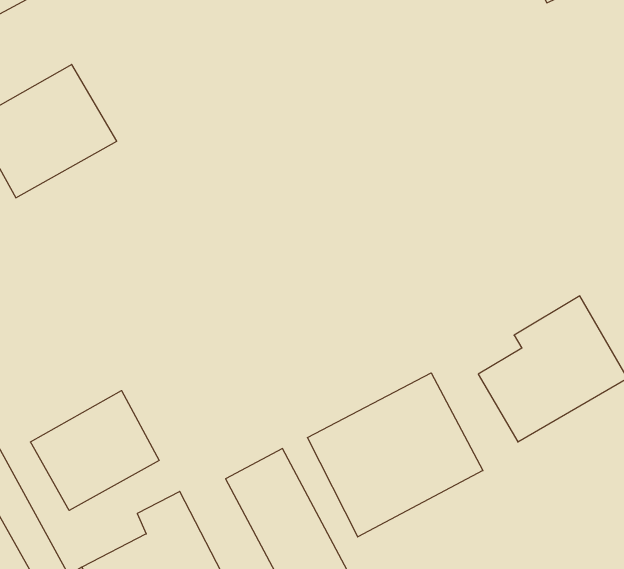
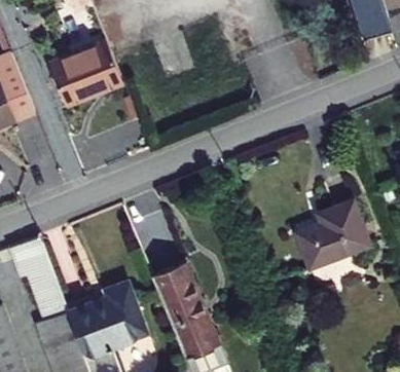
building: [307,373,483,537] -> none
building: [30,391,159,510] -> none

